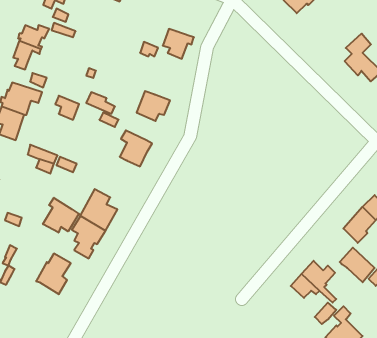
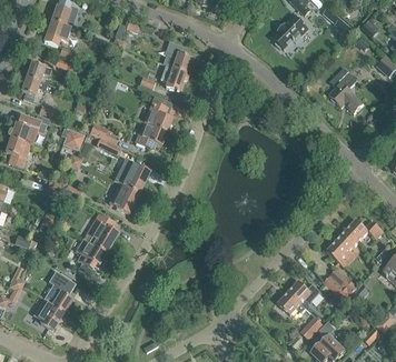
building: none -> [164,42,191,71]
building: none -> [143,95,172,131]
building: none -> [109,183,139,213]
building: [43,198,79,233] -> none
building: none -> [33,299,63,330]

